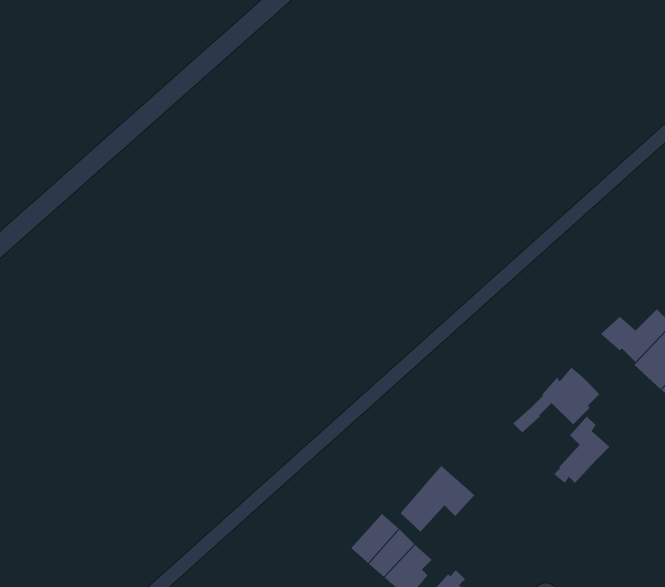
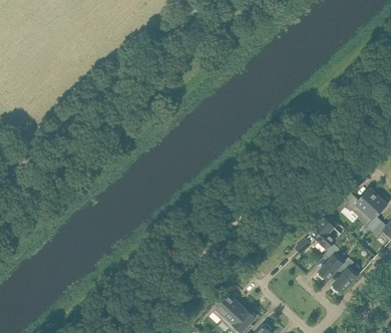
building: none -> [331,256,360,291]
building: [400,465,475,533] -> none

